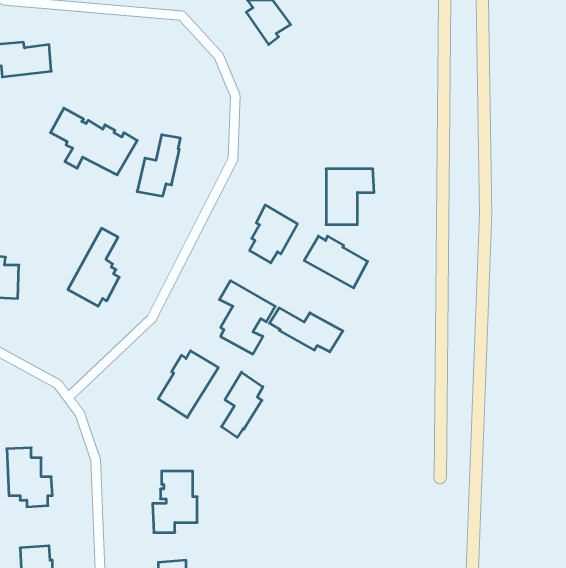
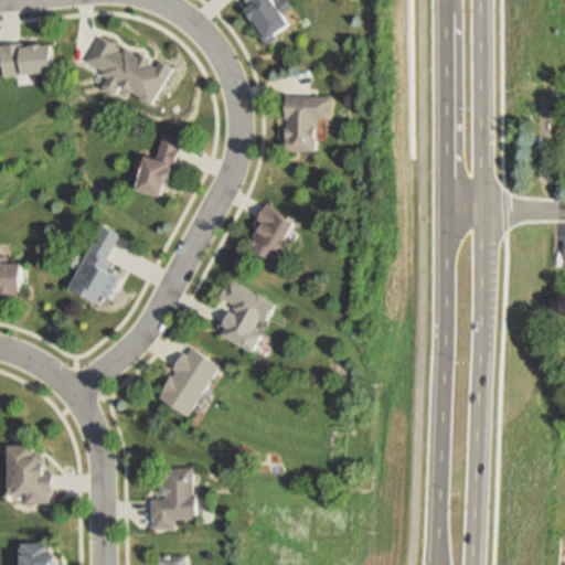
building: [50,108,137,175] -> [86,38,172,104]
building: [326,169,374,225] -> [284,96,331,151]
building: [304,236,368,288] -> none
building: [269,308,343,352] -> none
building: [221,372,263,437] -> none

